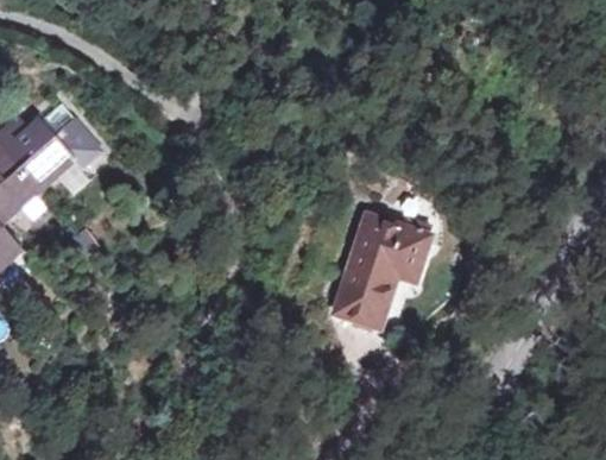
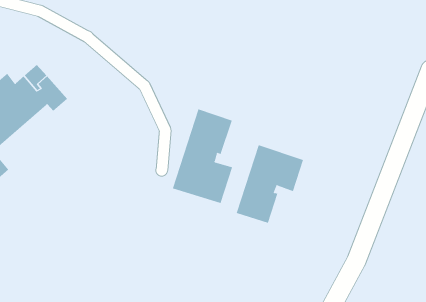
building: none -> [172,109,233,204]

